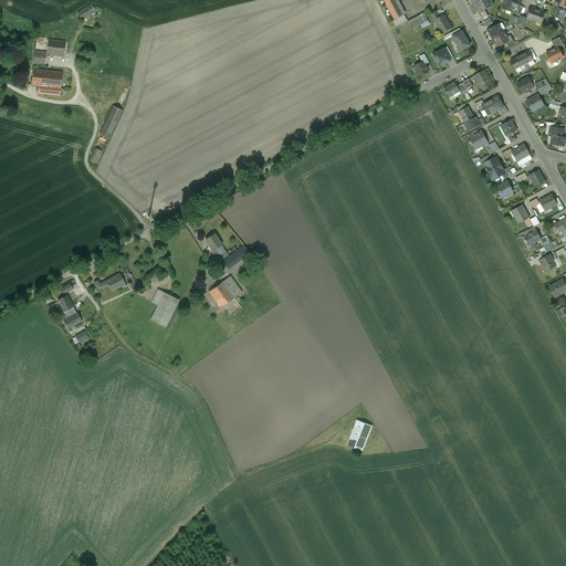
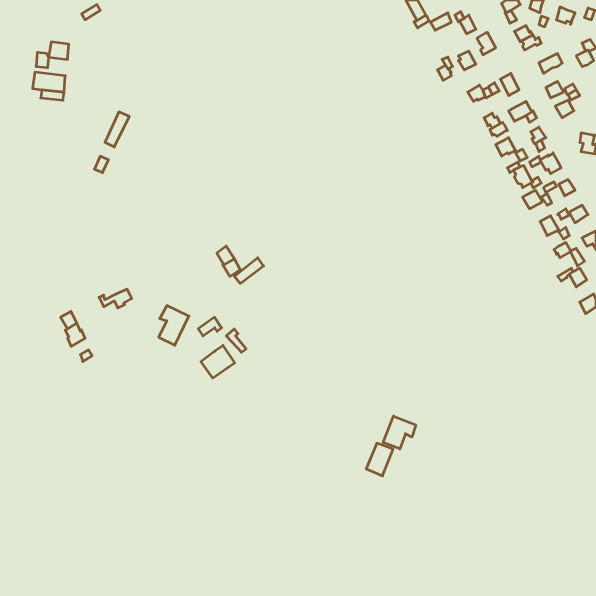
building: [209,276,241,307] -> [201,345,235,378]
building: none -> [383,416,416,449]

